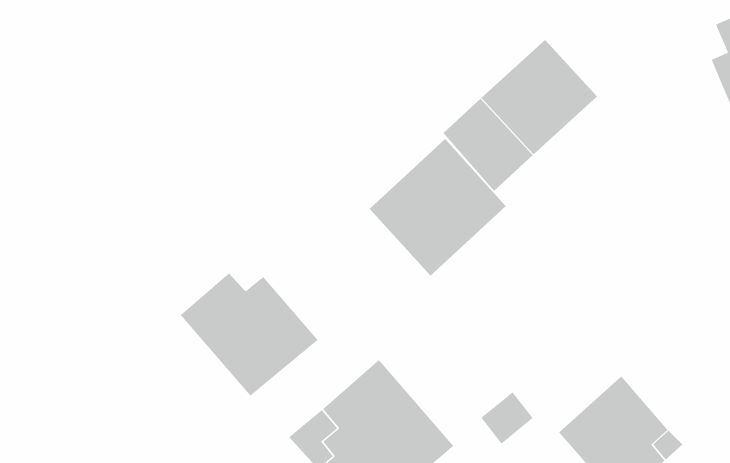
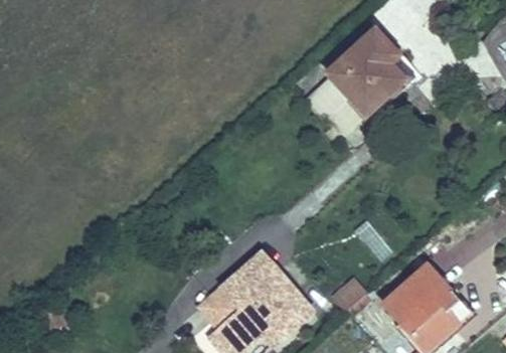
building: [369,138,507,277] -> none
building: [180,272,319,396] -> none

